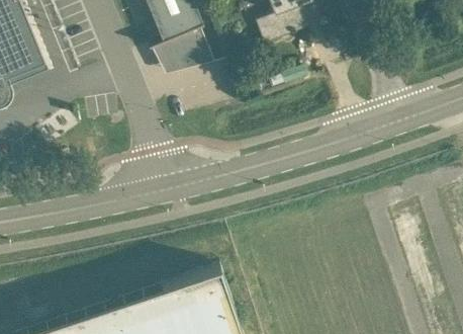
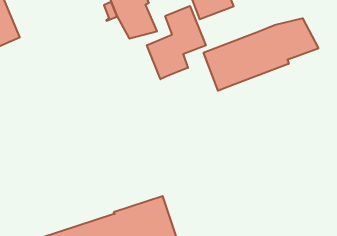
building: none -> [147,6,206,79]
building: none -> [204,18,318,91]

